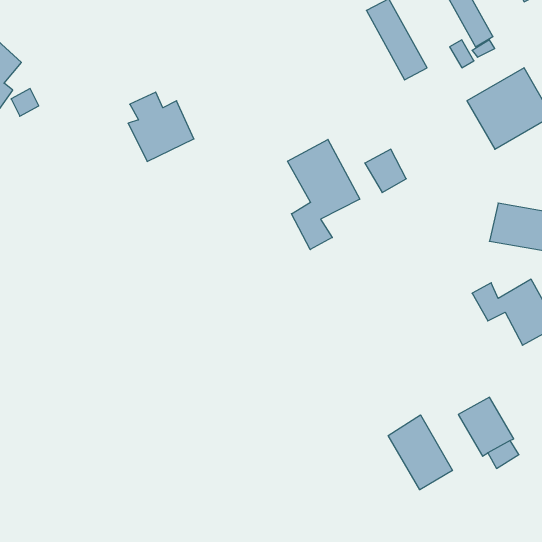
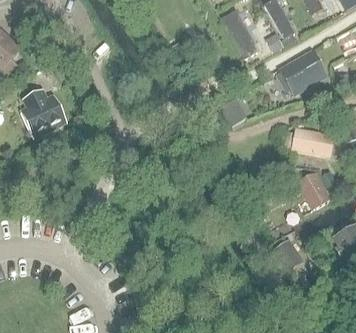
building: [128,92,194,161] -> [25,92,63,132]
building: [288,139,360,250] -> none
building: [388,415,452,490] -> none

